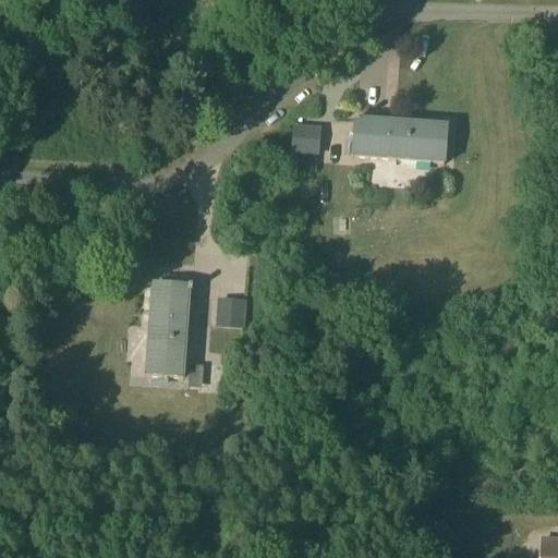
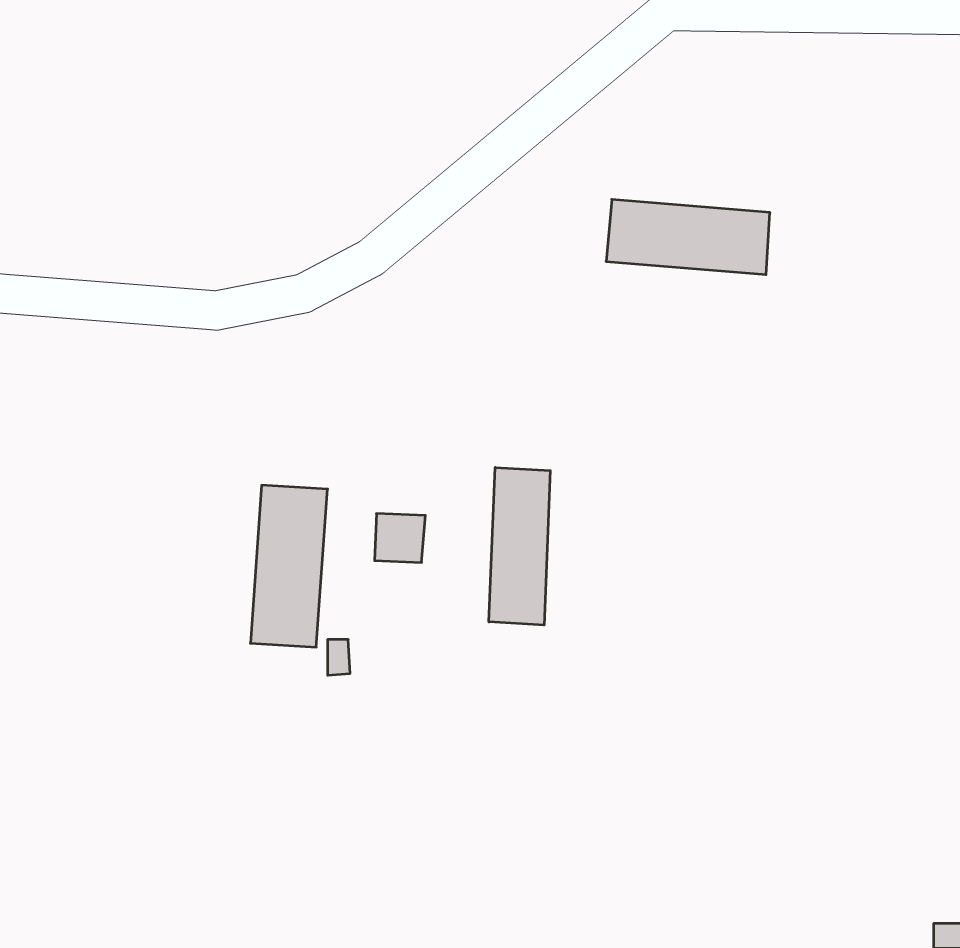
building: [291,124,322,155] -> none
building: none -> [489,467,550,625]

